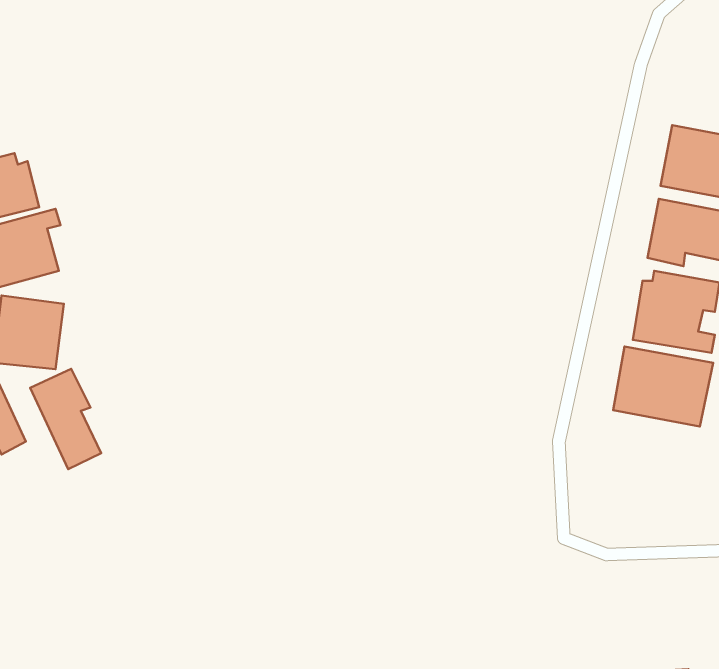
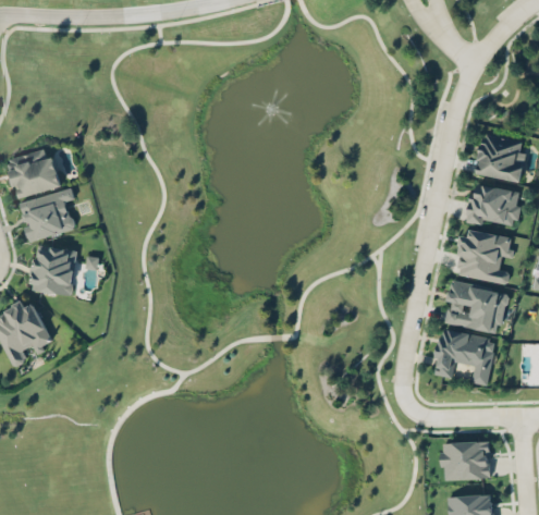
building: [30,369,101,469] -> none
building: none -> [433,329,495,385]
building: none -> [442,442,490,480]

